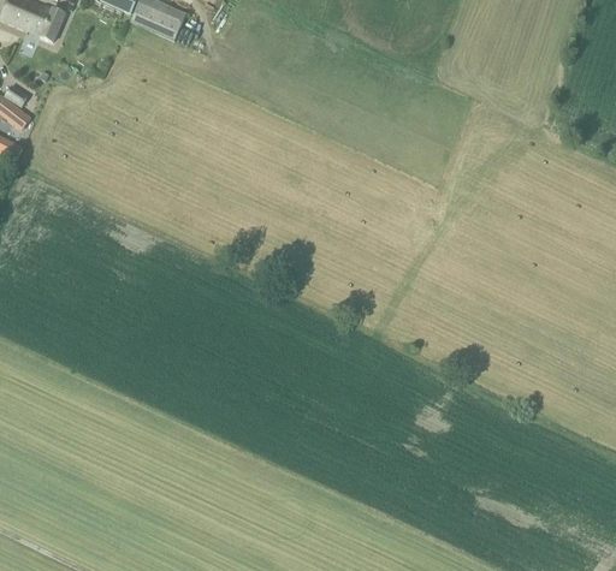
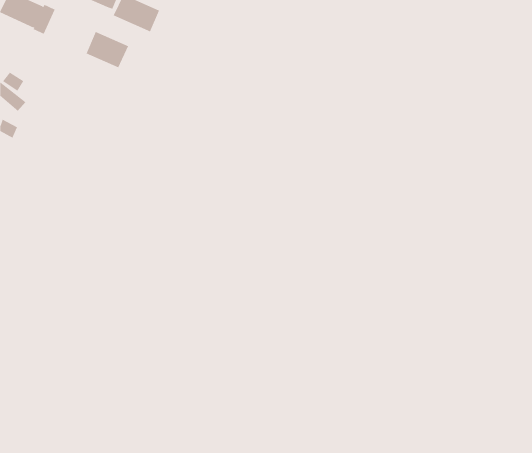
building: none -> [86,31,129,68]

